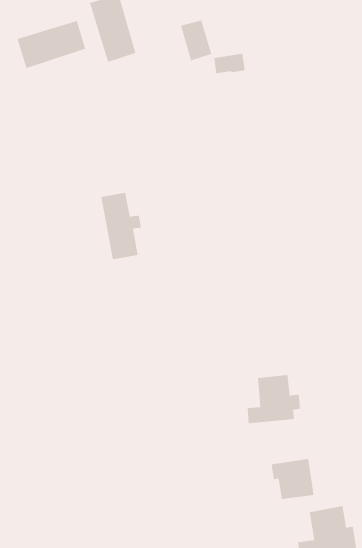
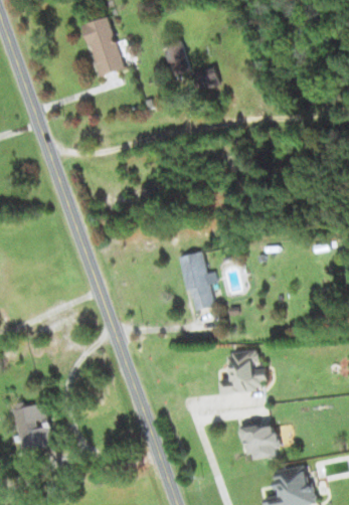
building: [17,20,86,69] -> none
building: [101,192,142,260] -> [180,251,216,311]
building: none -> [12,401,52,455]

